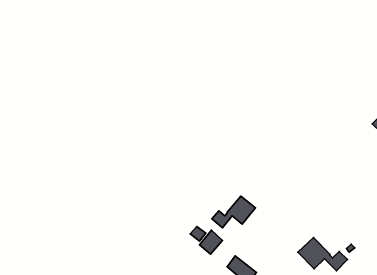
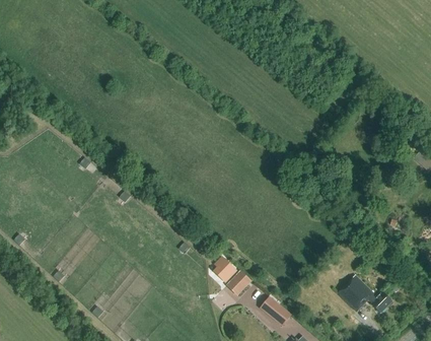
building: [212,196,256,228] -> none

